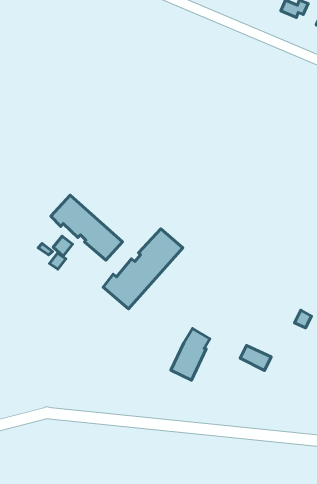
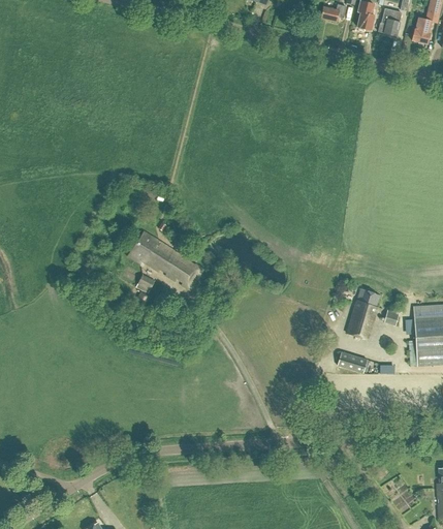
building: [103,229,183,309] -> none
building: [171,329,210,380] -> [345,289,378,340]

